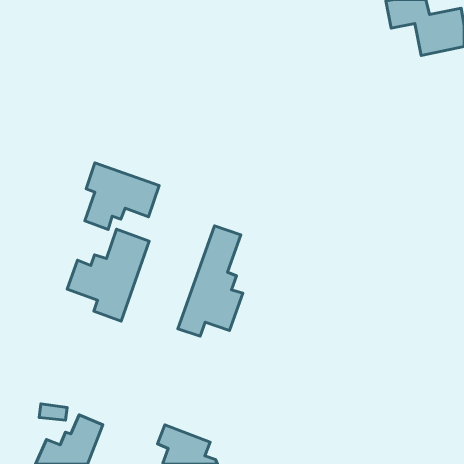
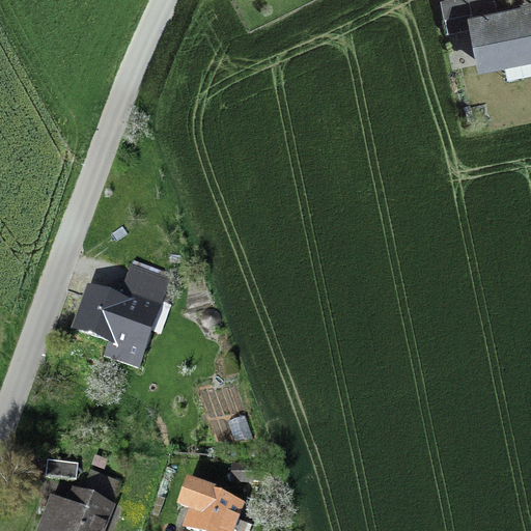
building: [85,163,159,229] -> none
building: [178,226,243,336] -> none

